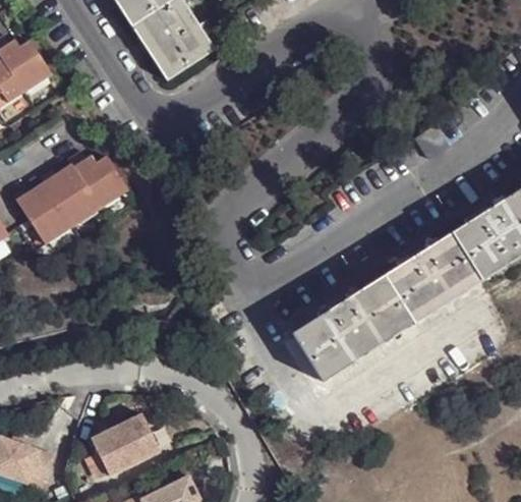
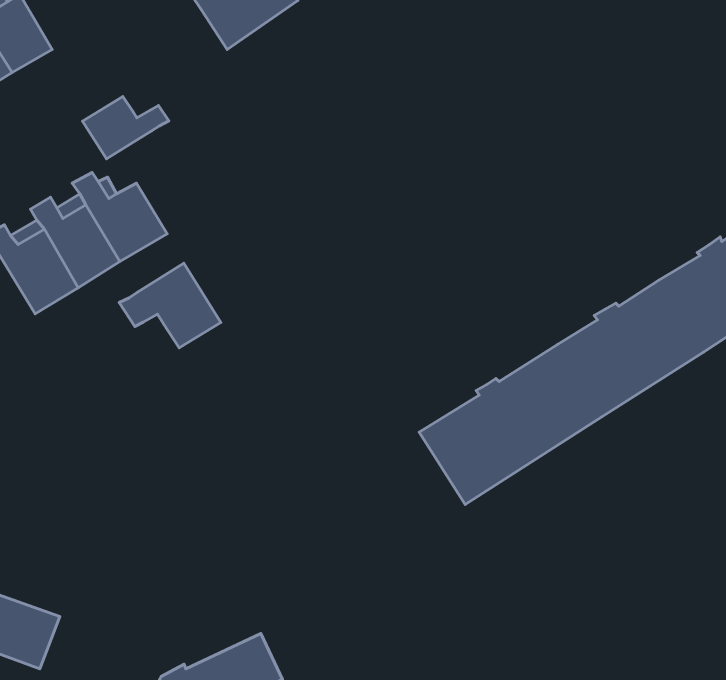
building: none -> [82,96,169,159]
building: none -> [119,263,221,348]
building: [95,408,160,467] -> none

